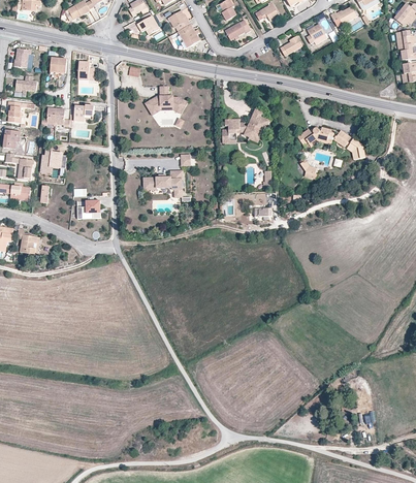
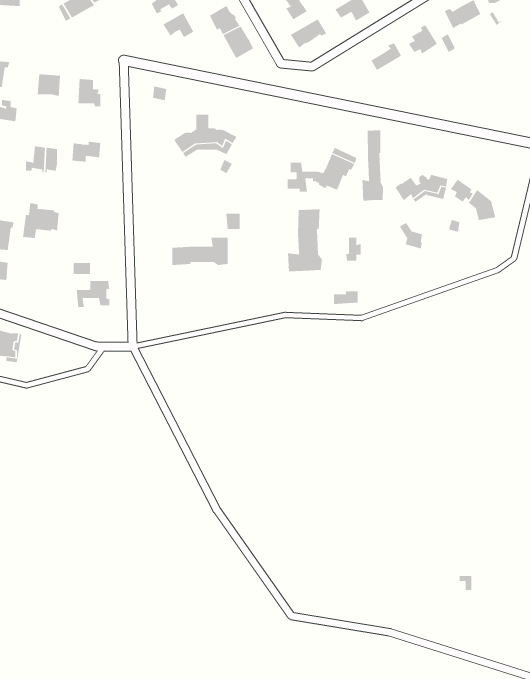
building: none -> [362,130,384,201]
building: none -> [288,209,323,272]

